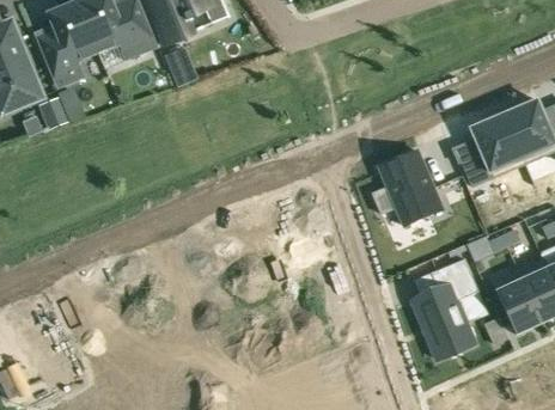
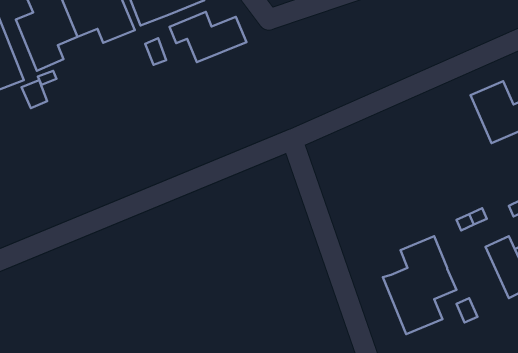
building: none -> [170,12,246,62]
building: [458,112,523,184] -> none
building: [371,149,441,225] -> none
building: [489,268,541,332] -> none

